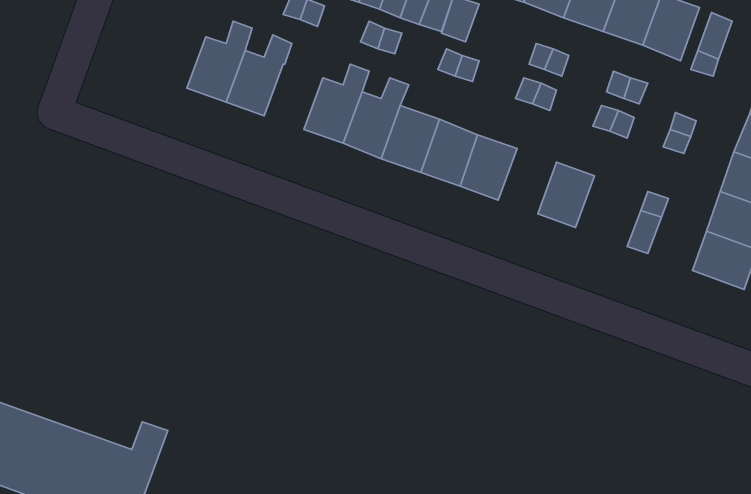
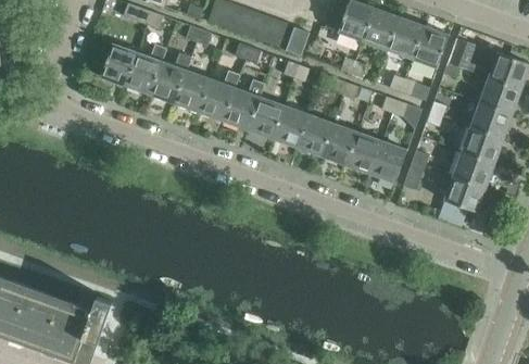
building: none -> [100,42,136,85]
building: none -> [173,70,210,111]
building: none -> [320,123,357,164]
building: none -> [369,140,406,181]

